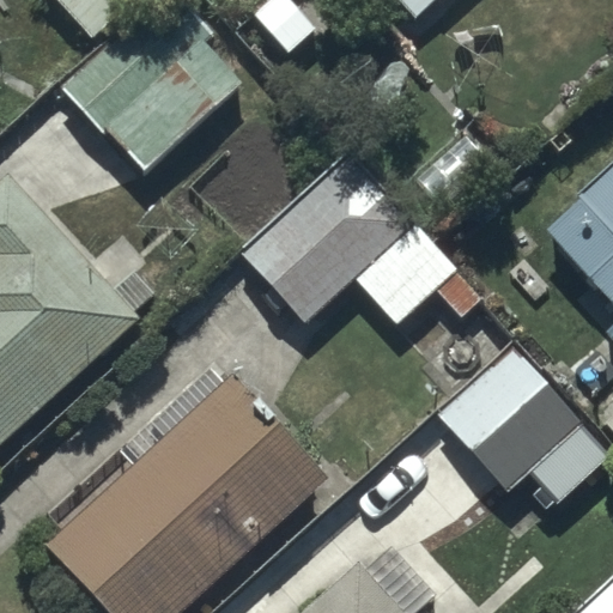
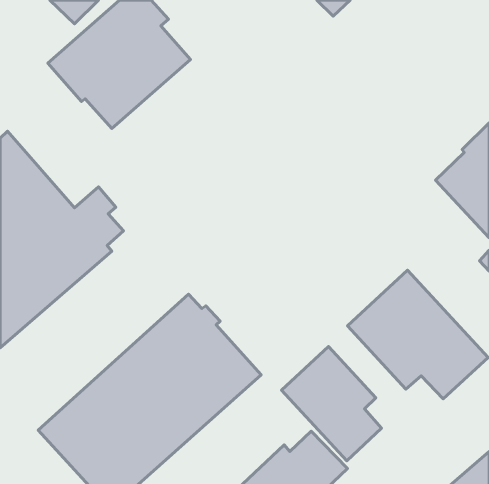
building: [239,150,482,328] -> none
building: none -> [282,346,382,461]

